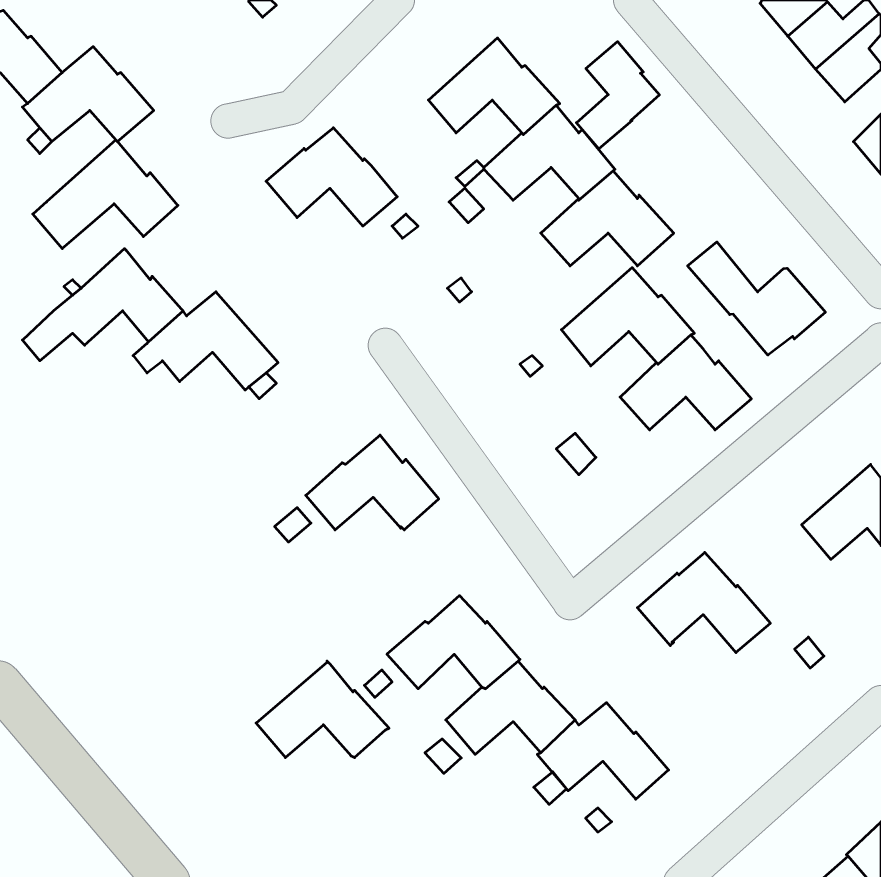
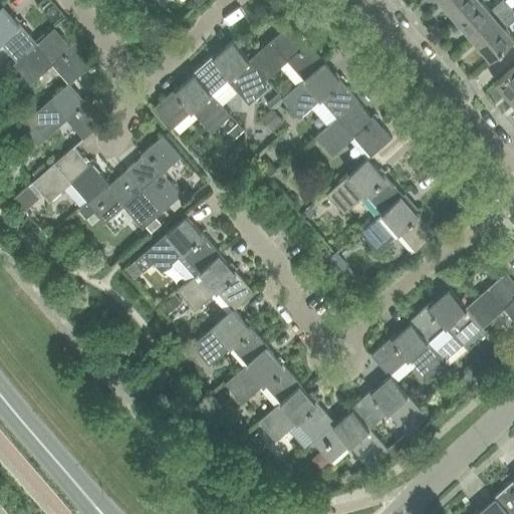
building: [576,42,659,149] -> none
building: none -> [193,43,269,100]
building: none -> [125,137,181,214]
building: [688,242,825,355] -> none
building: none -> [133,217,222,274]
building: none -> [409,290,486,365]
building: none -> [350,376,427,435]
building: [256,661,389,758] -> [192,309,269,365]

